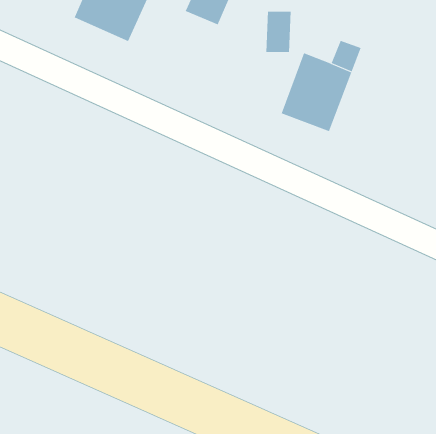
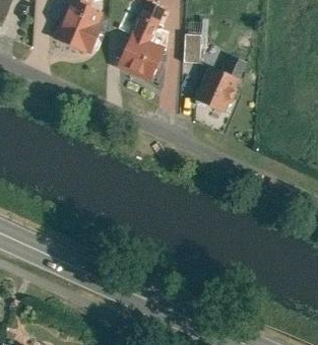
building: none -> [117,33,167,79]

